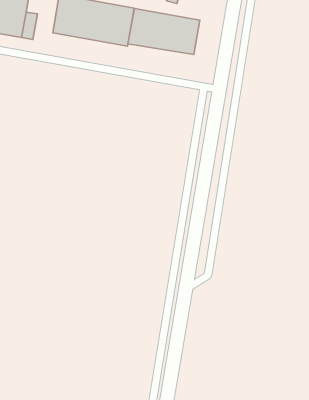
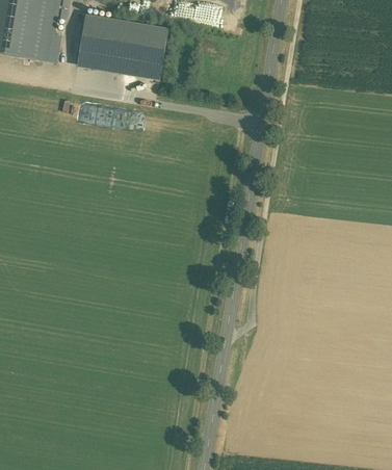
building: [128,9,200,54] -> none

